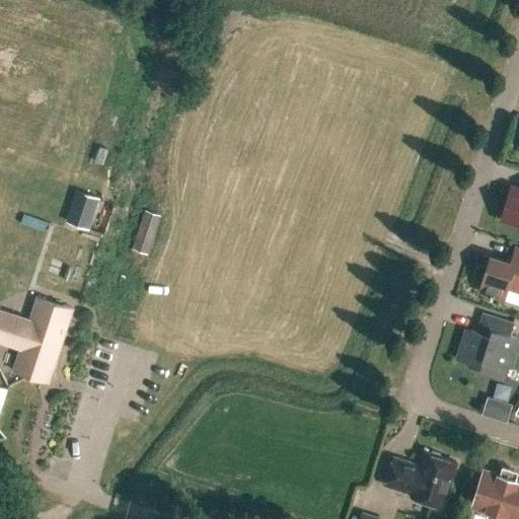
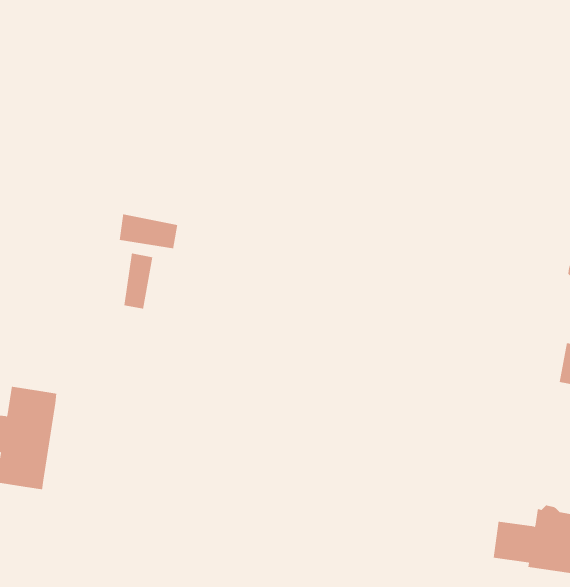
building: none -> [119,214,178,249]
building: [69,194,98,230] -> none

